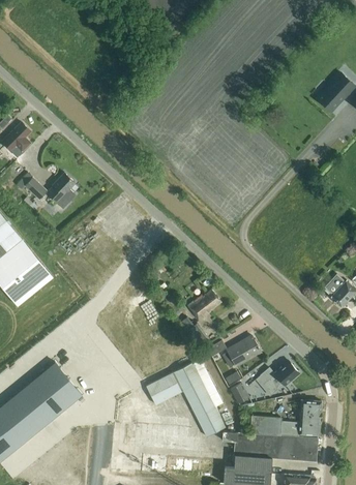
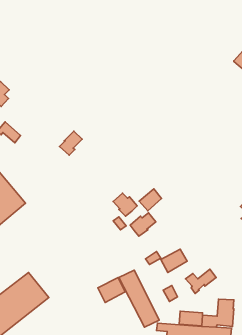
building: [44,173,73,204] -> [59,131,82,155]
building: none -> [139,189,162,211]
building: none -> [113,193,137,216]

